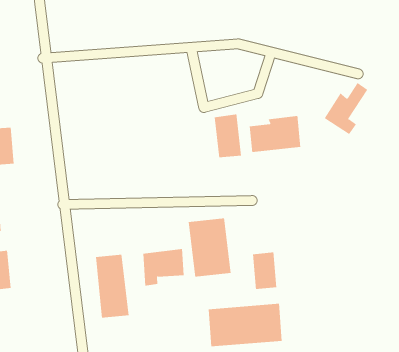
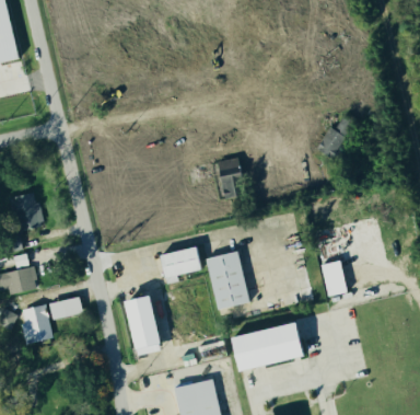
building: [249,115,301,153] -> none
building: none -> [49,296,82,319]
building: [142,249,185,286] -> [160,245,200,284]
building: [252,252,277,290] -> [320,260,347,296]

